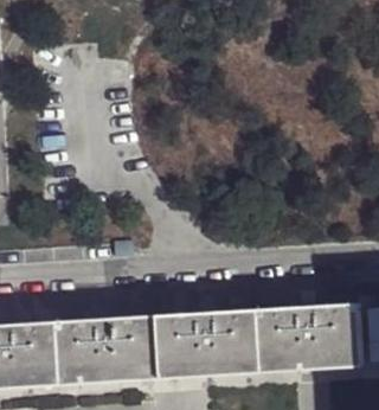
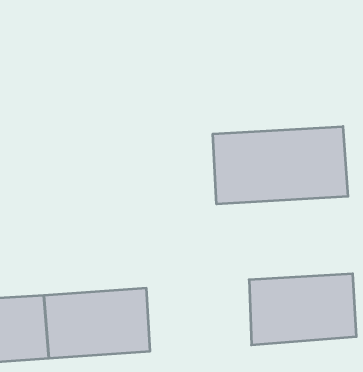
building: none -> [213,126,348,204]
building: [155,307,258,377] -> none

